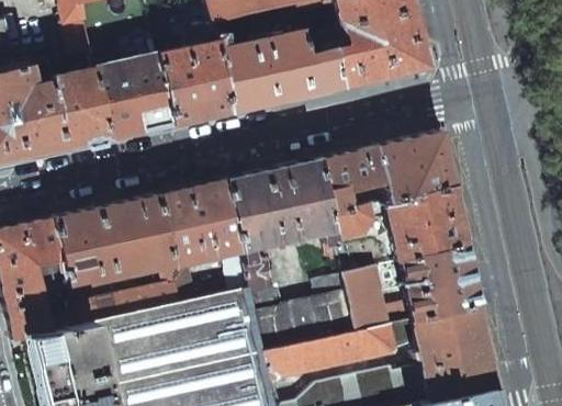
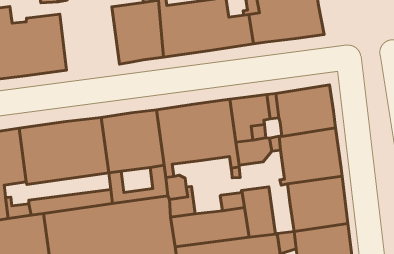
building: [94,56,175,140] -> none

